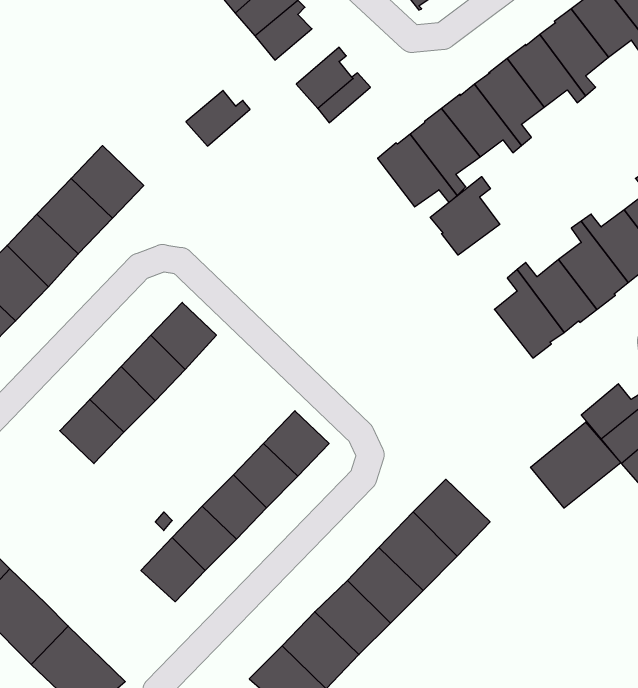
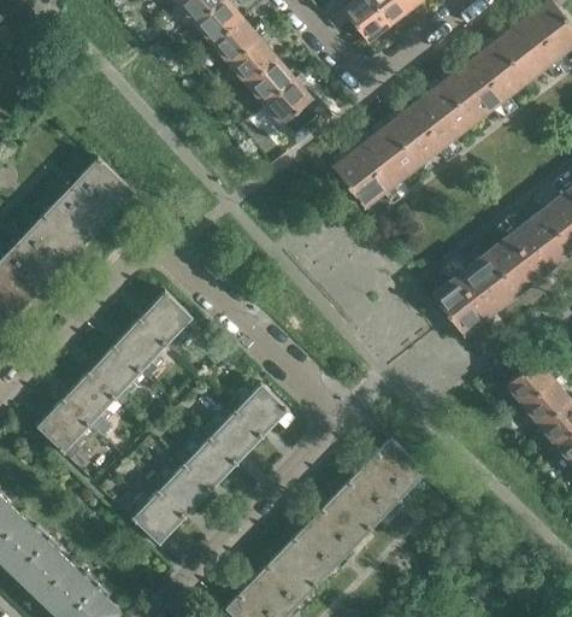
building: [186,90,250,146] -> [244,58,299,105]
building: [430,177,500,255] -> none
building: [531,422,621,508] -> none
building: none -> [36,398,92,464]

